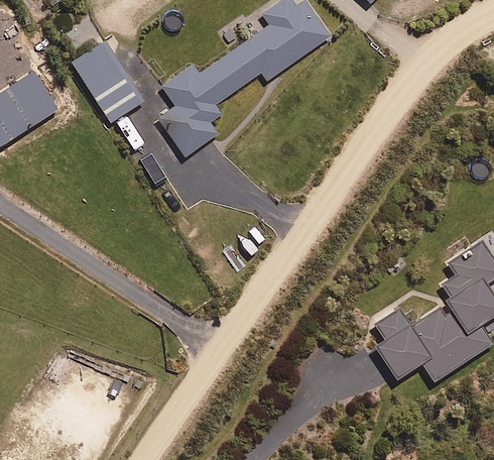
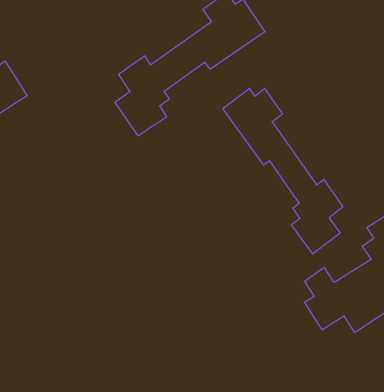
building: [70,41,143,123] -> none
building: none -> [223,88,343,254]

